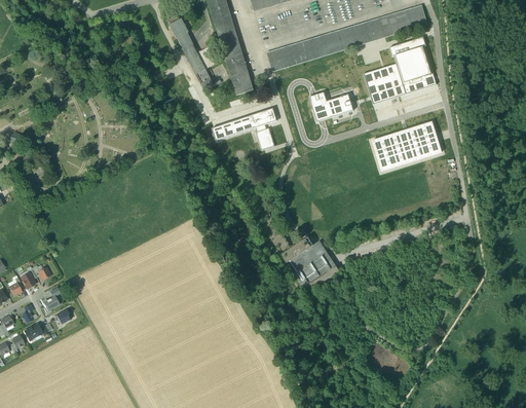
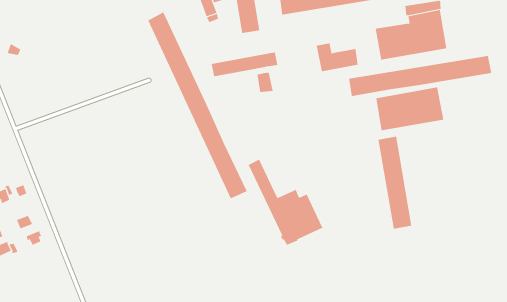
building: none -> [147,11,247,199]
building: none -> [348,55,492,97]
building: none -> [378,136,412,230]

